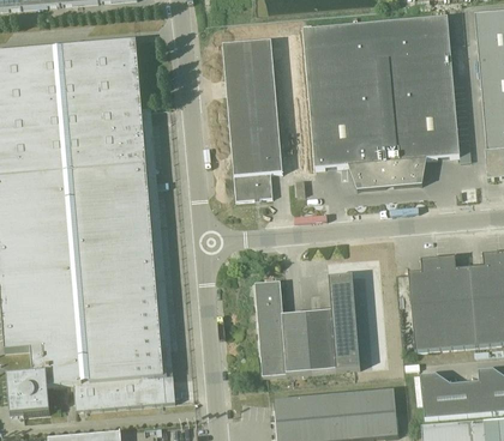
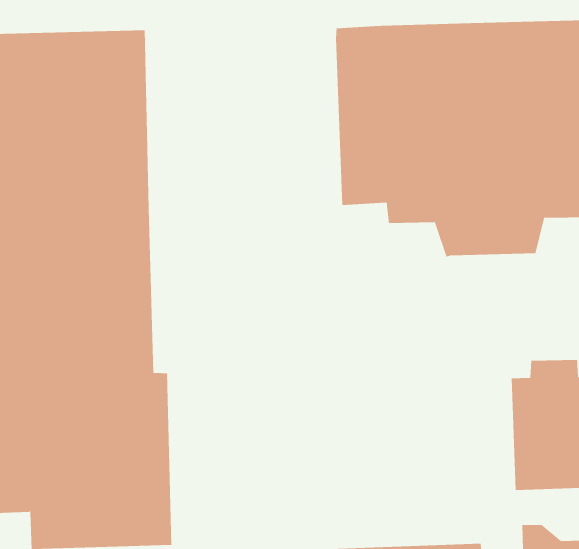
building: [222,38,283,199] -> none
building: [254,277,373,375] -> none

